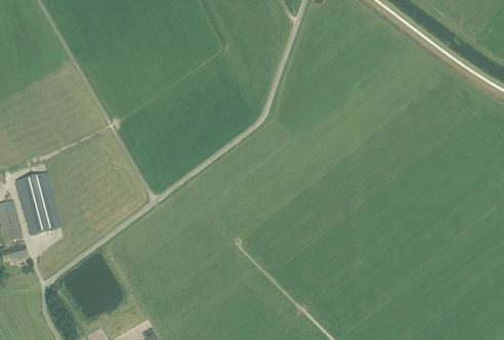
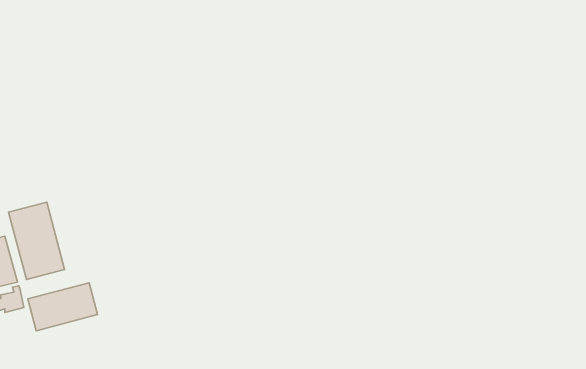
building: none -> [28,283,97,331]

